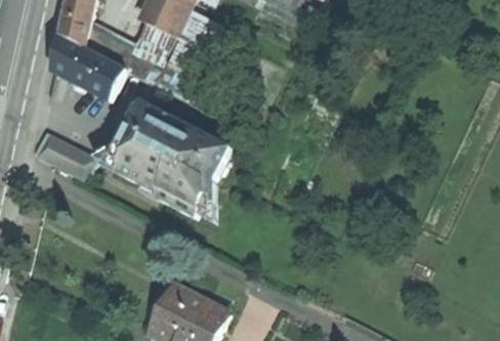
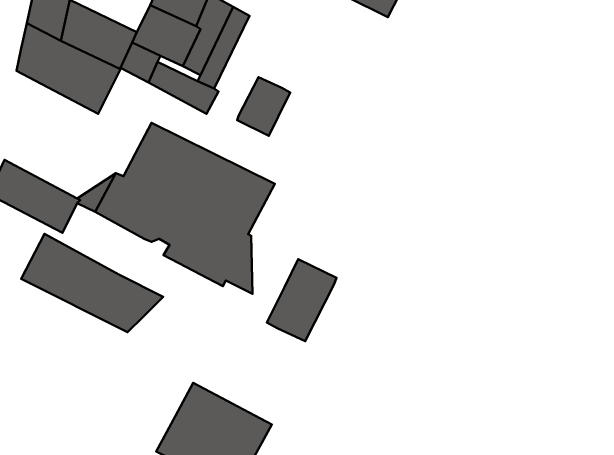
building: none -> [237,77,290,136]
building: none -> [21,234,163,332]
building: none -> [267,259,337,341]

